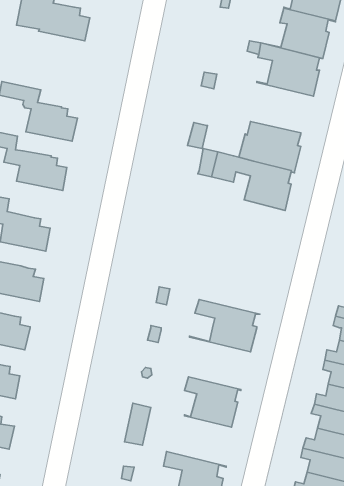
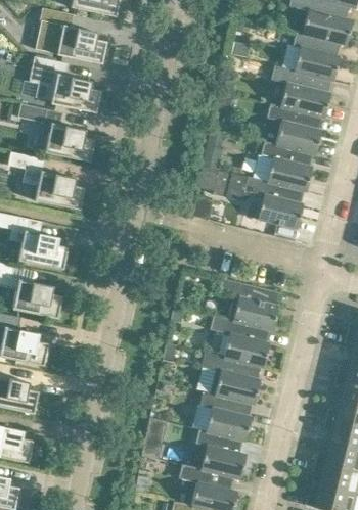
building: none -> [29,56,100,112]
building: none -> [263,104,324,154]
building: none -> [213,278,281,330]
building: none -> [199,353,263,404]
building: none -> [181,429,245,478]

